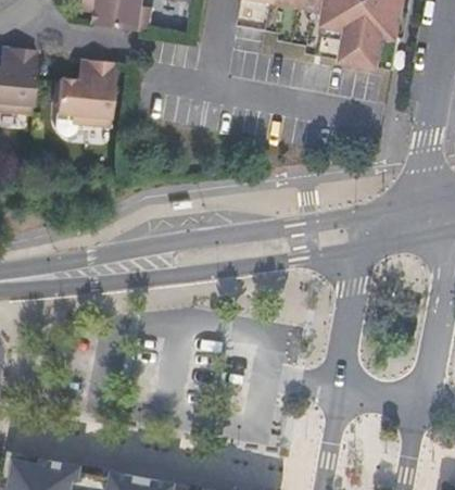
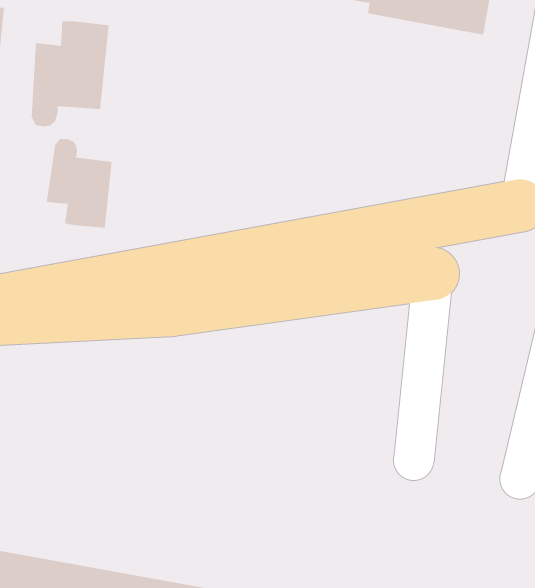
building: none -> [46,138,112,228]

